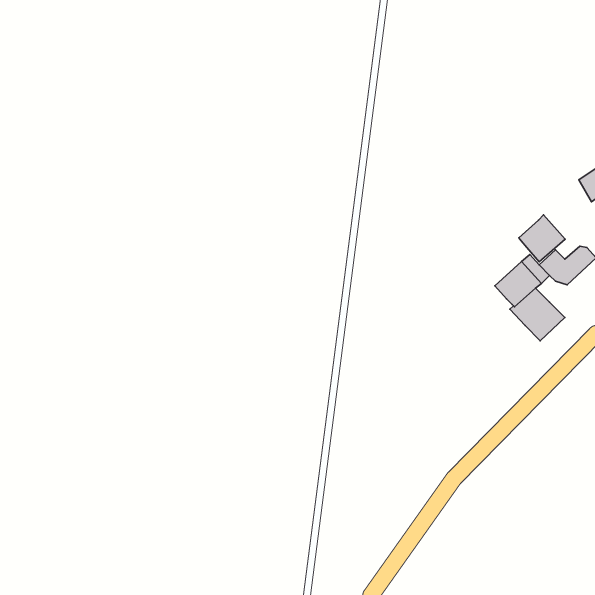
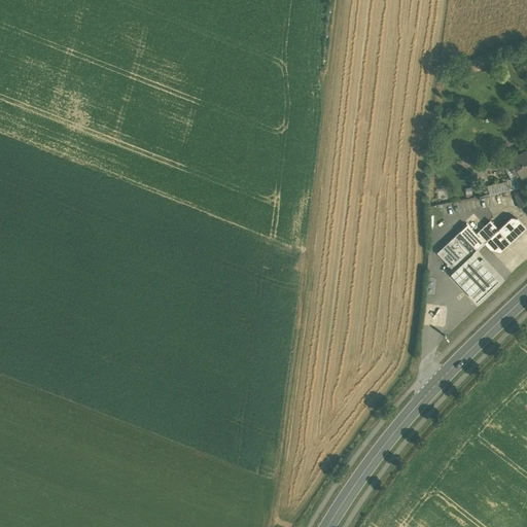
building: [519,215,565,262] -> none

